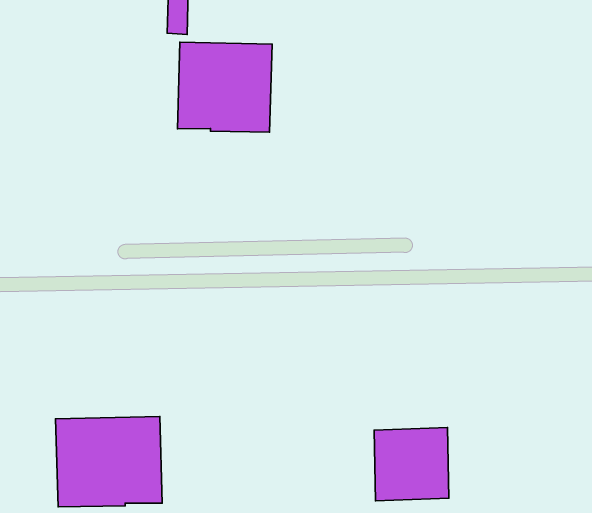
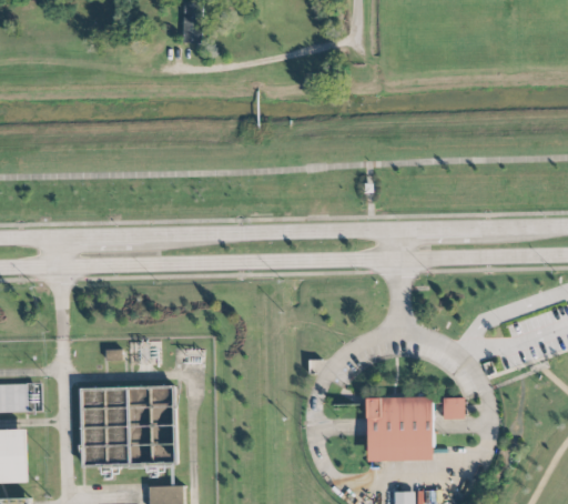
building: [178,42,272,132] -> none
building: none -> [443,397,464,420]

